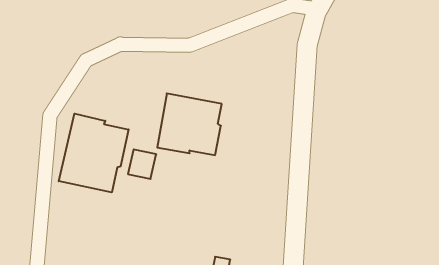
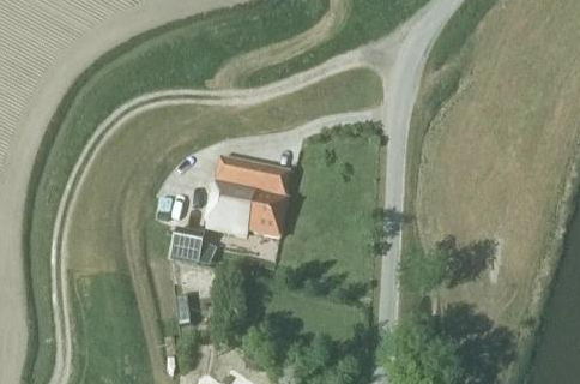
building: [59,114,129,192] -> none

